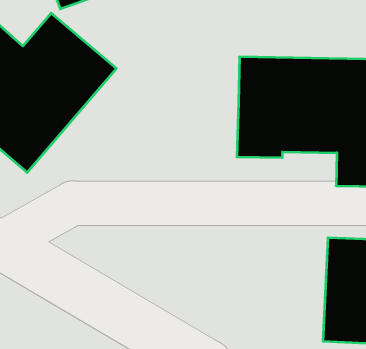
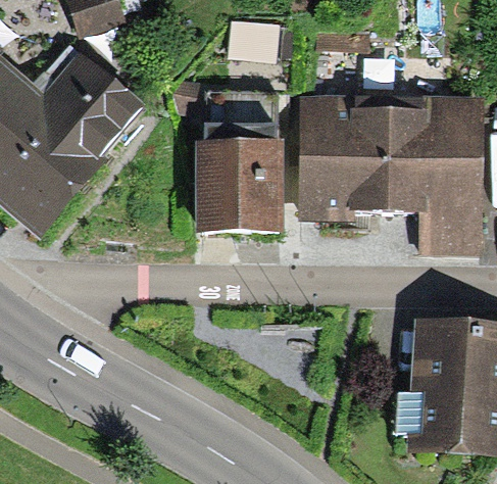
building: none -> [199,129,283,238]

